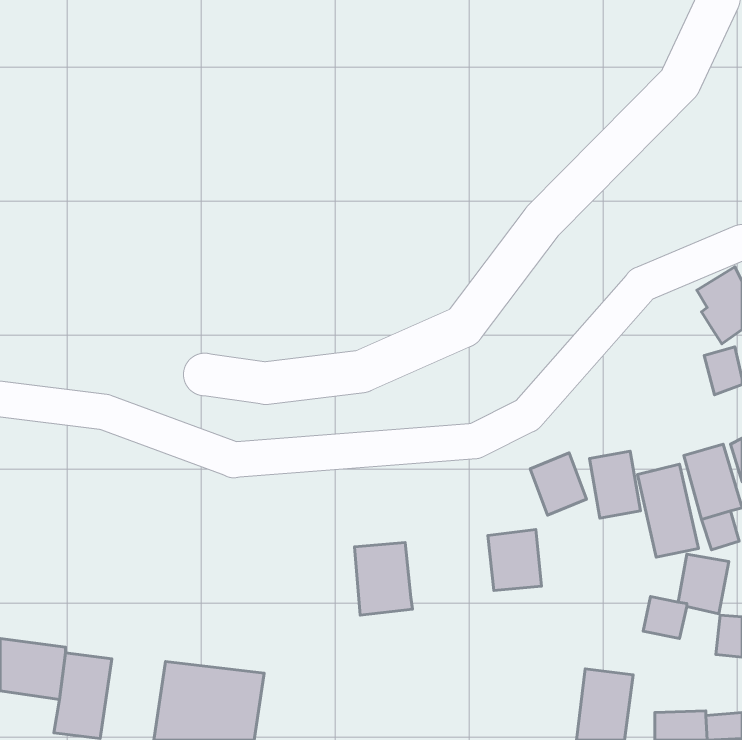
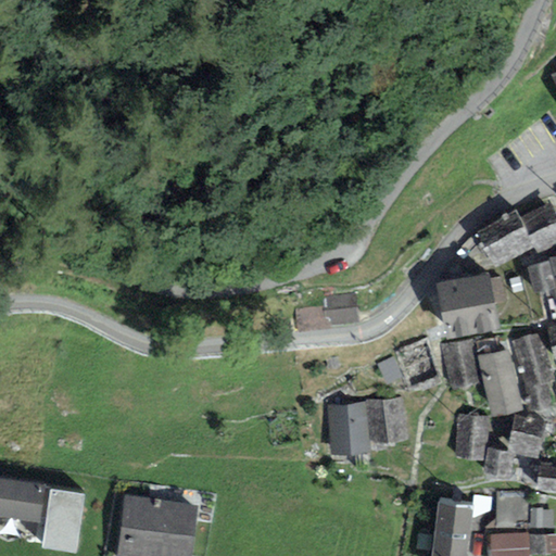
building: none -> [476,208,532,267]
building: none -> [435,274,505,339]
building: [354,542,412,615] -> [327,401,370,455]
building: none -> [455,414,488,459]

